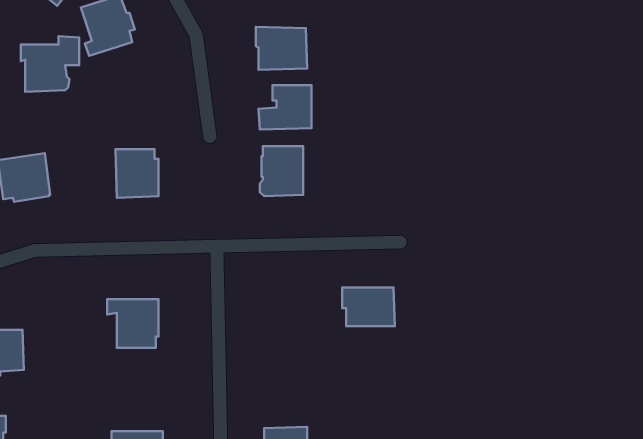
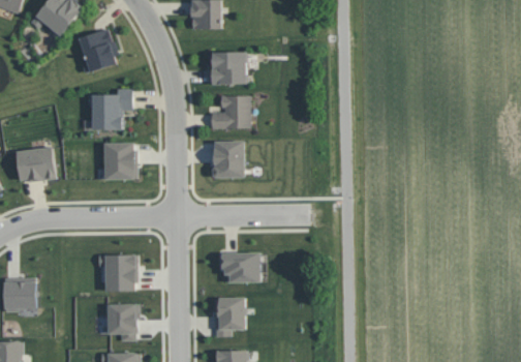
building: [21,36,79,92] -> [88,89,131,130]
building: [342,287,395,326] -> [220,253,259,282]
building: none -> [213,298,244,337]
building: none -> [103,305,139,341]

